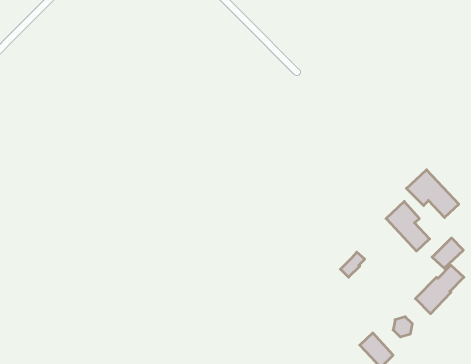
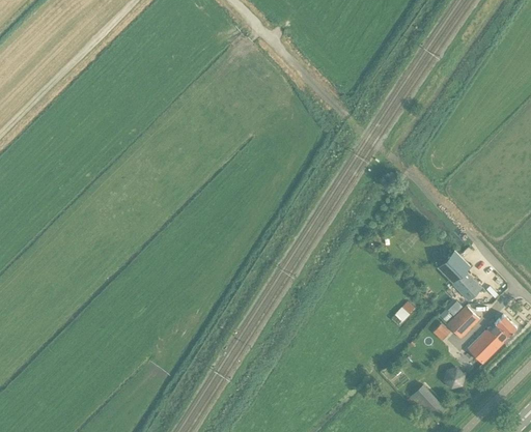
building: [406,170,459,218] -> none
building: [432,238,463,268] -> [446,306,478,337]

